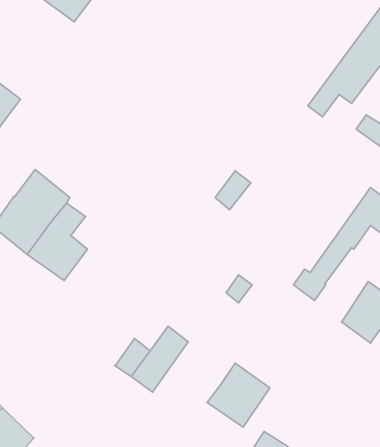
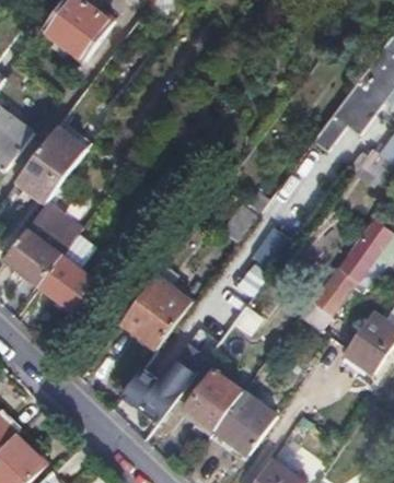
building: none -> [16,126,86,202]
building: none -> [121,275,190,350]
building: none -> [186,373,241,431]

